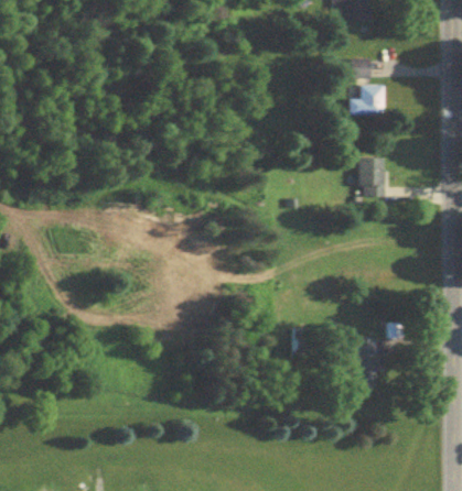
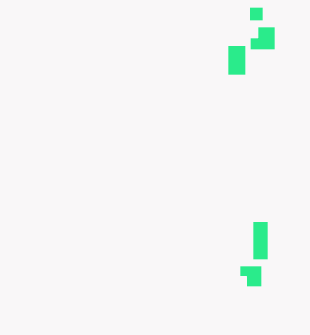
building: [361,155,385,194] -> [227,45,246,75]
building: none -> [240,265,262,287]

